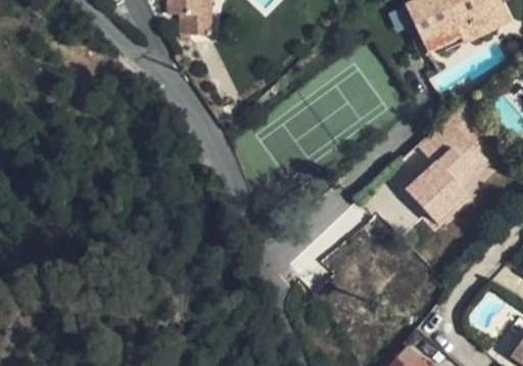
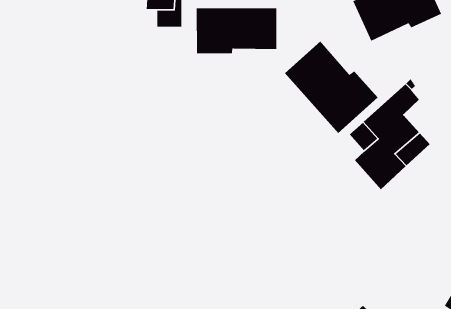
building: none -> [196,7,277,54]
building: none -> [284,41,378,134]

